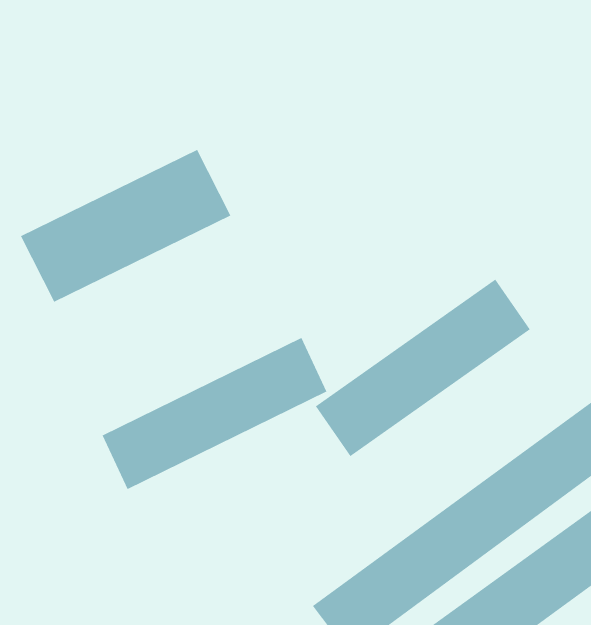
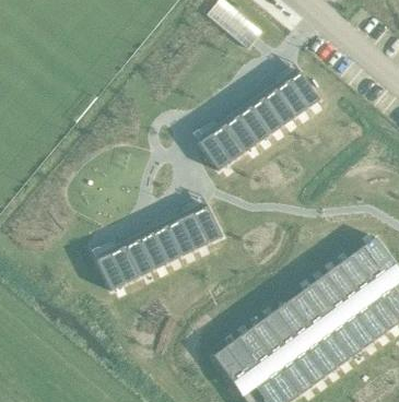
building: [20,149,231,303] -> none
building: [315,279,531,457] -> [198,71,318,170]

